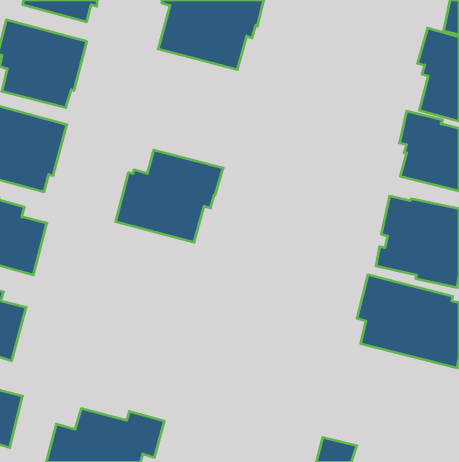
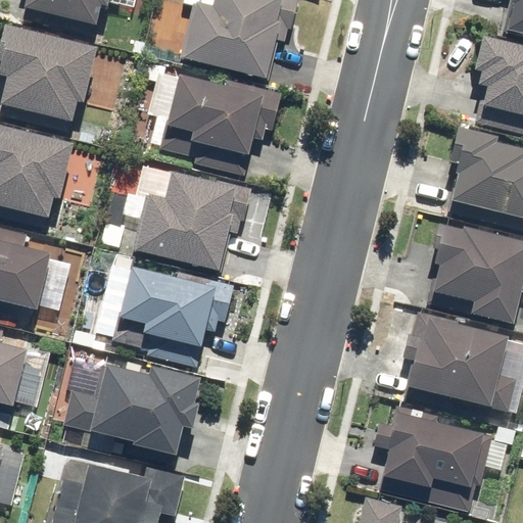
building: none -> [147,72,283,178]
building: none -> [95,265,237,369]
building: none -> [63,359,203,455]
building: none -> [370,405,492,515]

